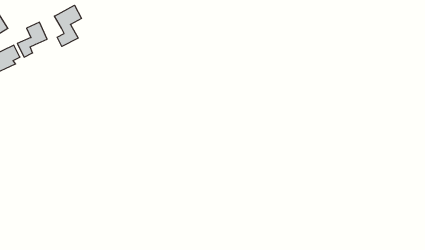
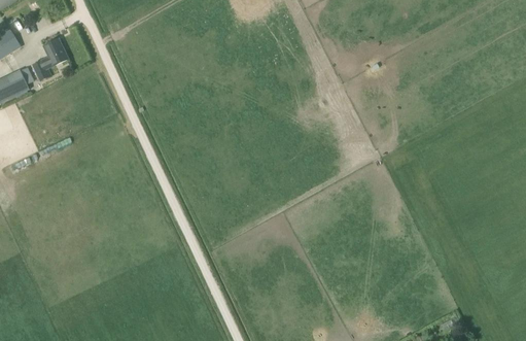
building: [54,5,81,46] -> none

